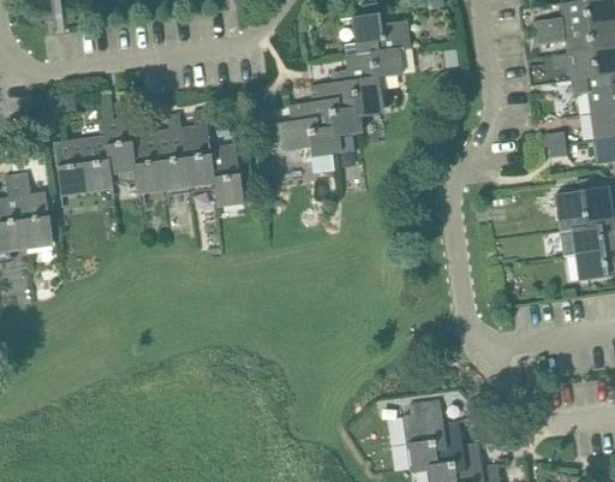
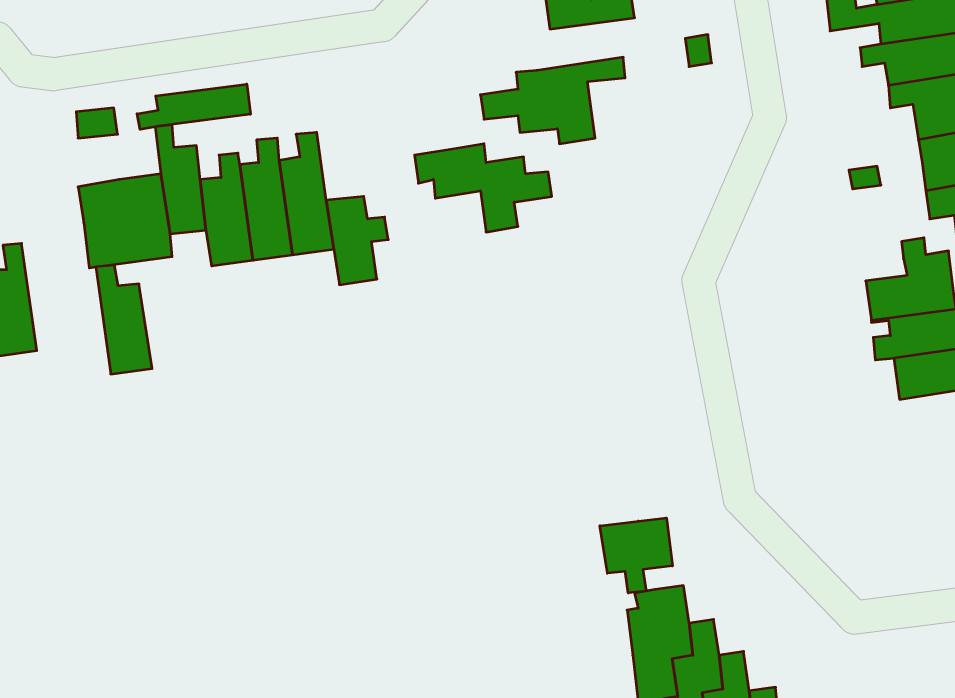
building: [344,36,411,70] -> none
building: none -> [137,84,250,129]
building: [288,99,363,136] -> none
building: [17,179,53,249] -> [96,265,152,374]
building: none -> [600,518,672,593]

